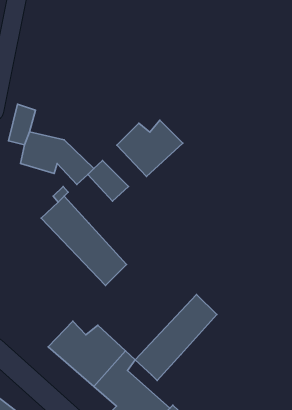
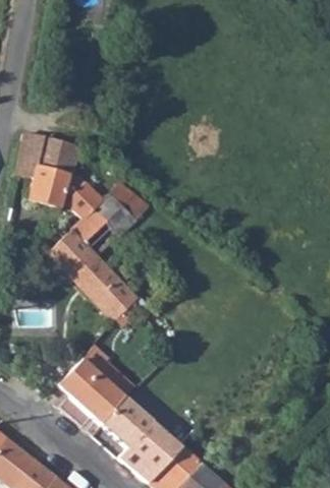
building: none -> [38,136,78,173]
building: [117,120,183,177] -> none
building: [135,295,217,380] -> none

